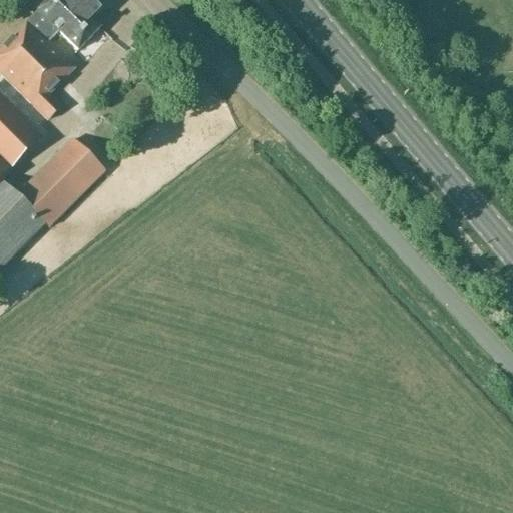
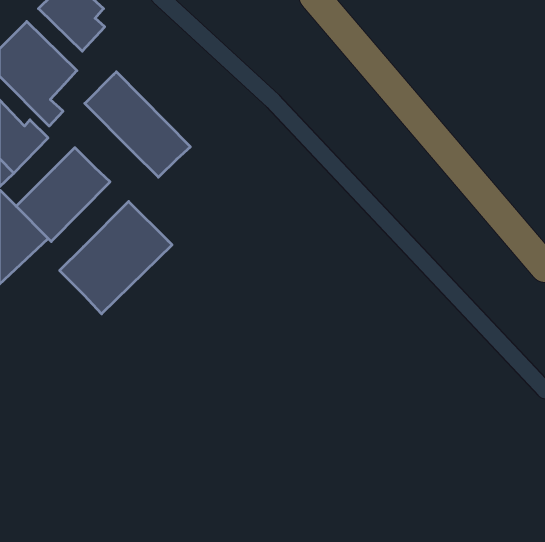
building: none -> [85,72,190,177]
building: none -> [60,201,172,314]

